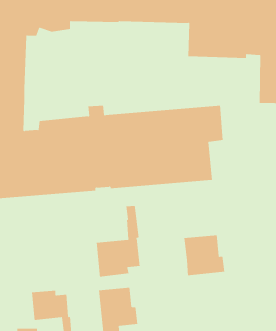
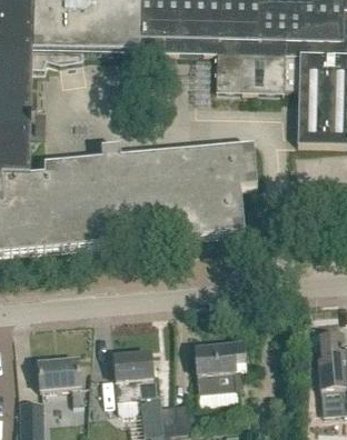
building: [96,205,140,278] -> none
building: [183,235,225,276] -> [194,343,241,390]

